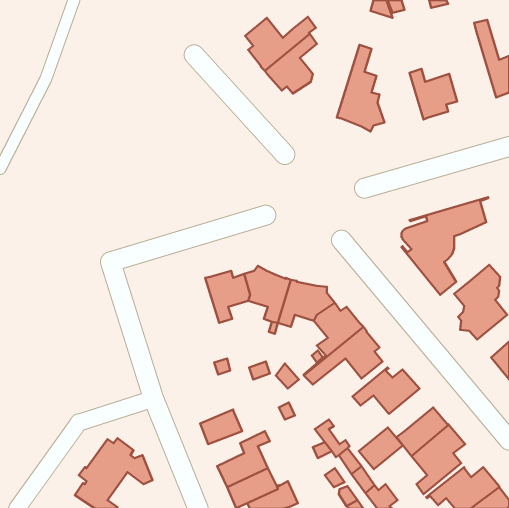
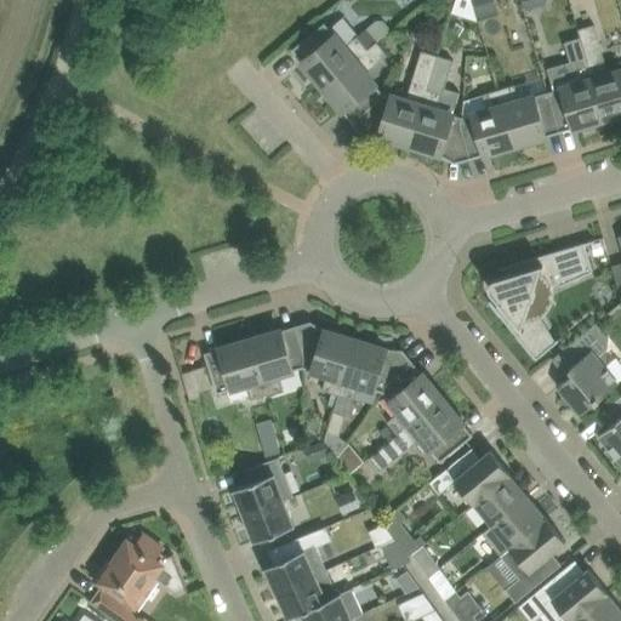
building: none -> [547,39,604,129]
building: none -> [357,51,438,144]
building: none -> [460,90,515,155]
building: none -> [206,340,267,399]
building: none -> [233,458,294,517]
building: [359,427,403,469] -> [474,475,528,526]

